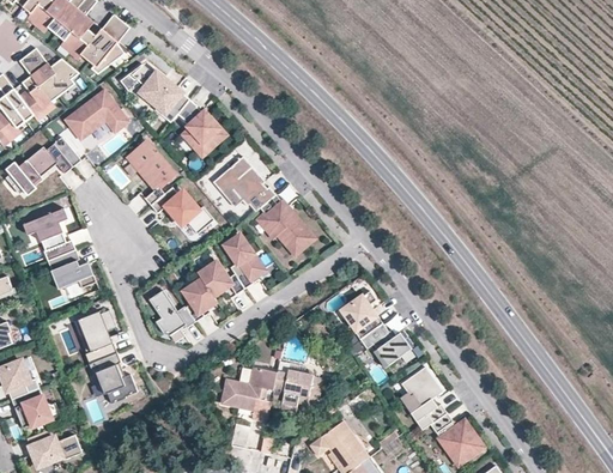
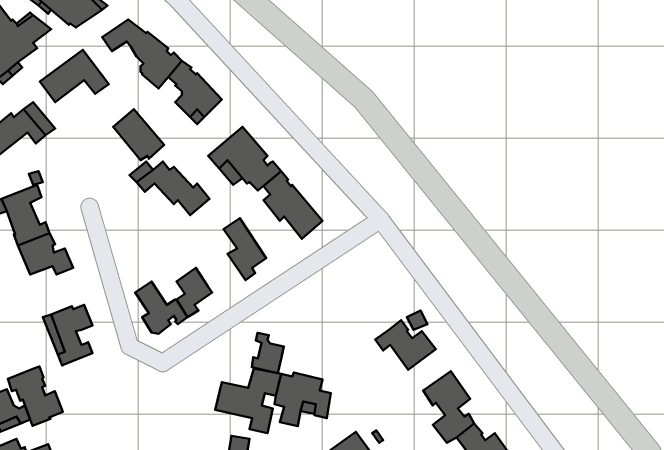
building: [200,262,247,296] -> none
building: [342,292,382,341] -> none
building: none -> [252,333,284,373]
building: [90,352,138,404] -> [8,366,63,426]

